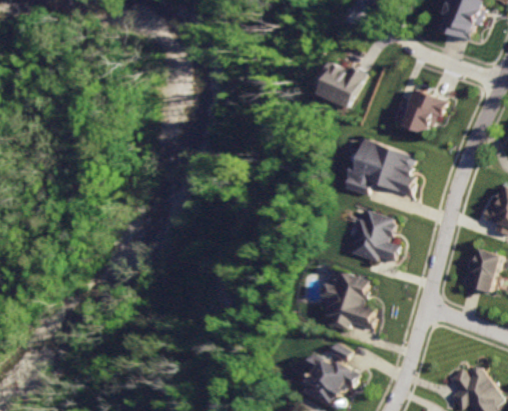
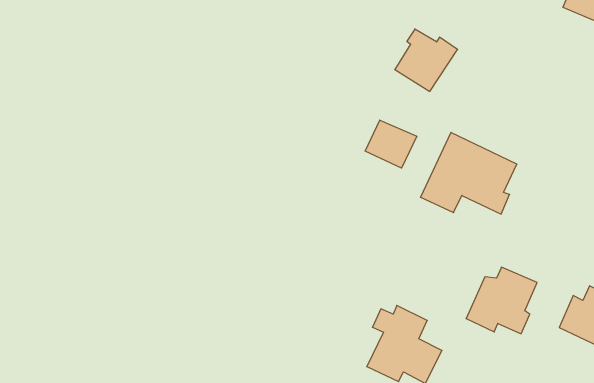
building: [400,88,447,133] -> none
building: none -> [365,120,417,168]
building: [345,210,397,261] -> [466,267,537,334]

